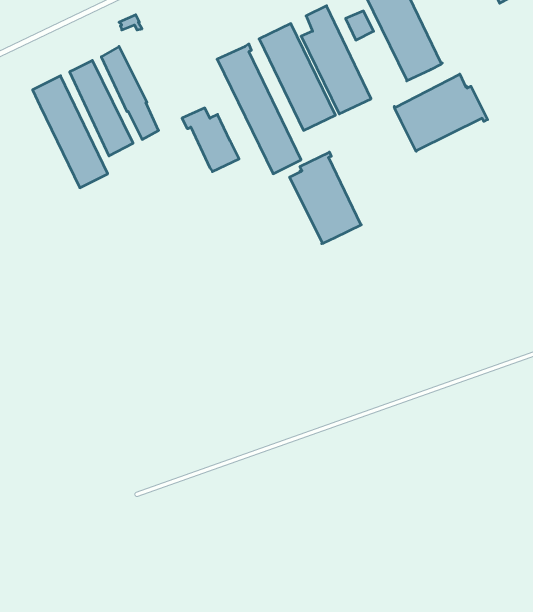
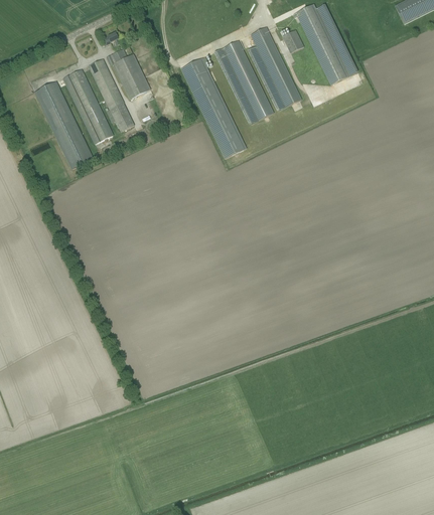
building: [394,74,488,151] -> none
building: [182,108,239,172] -> [105,48,150,99]
building: [290,152,361,244] -> none

